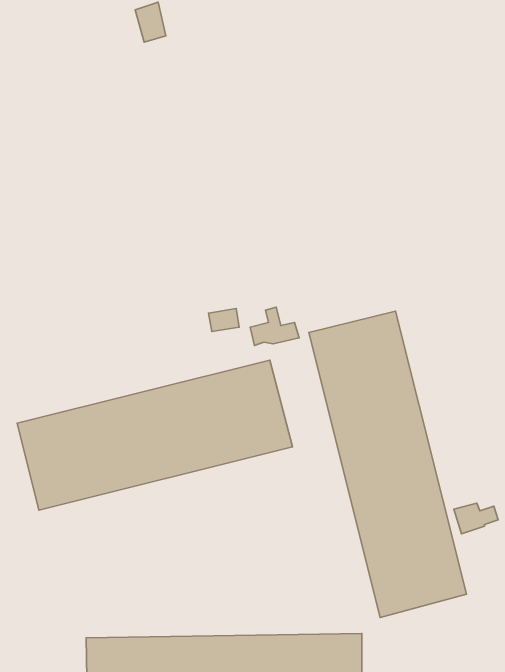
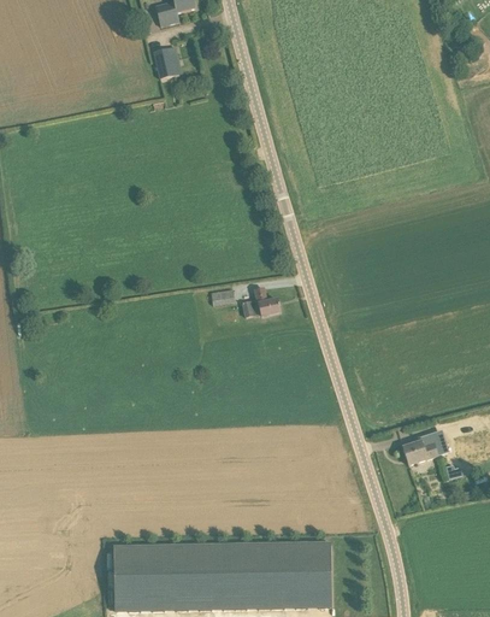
building: [309,311,466,617] -> none
building: [17,360,293,510] -> none

